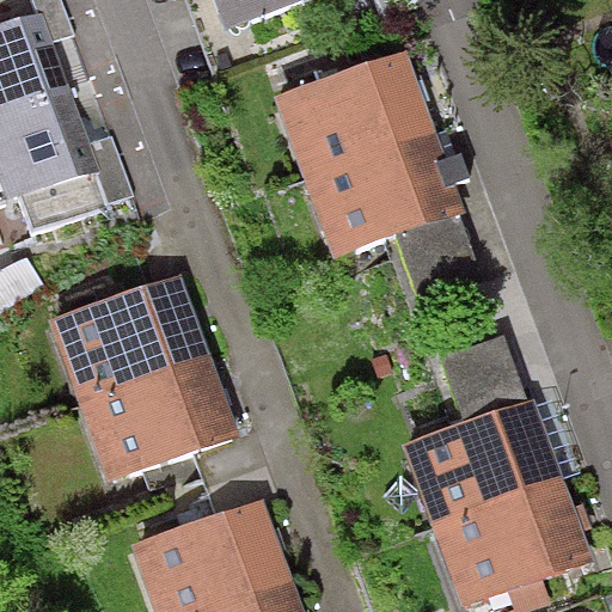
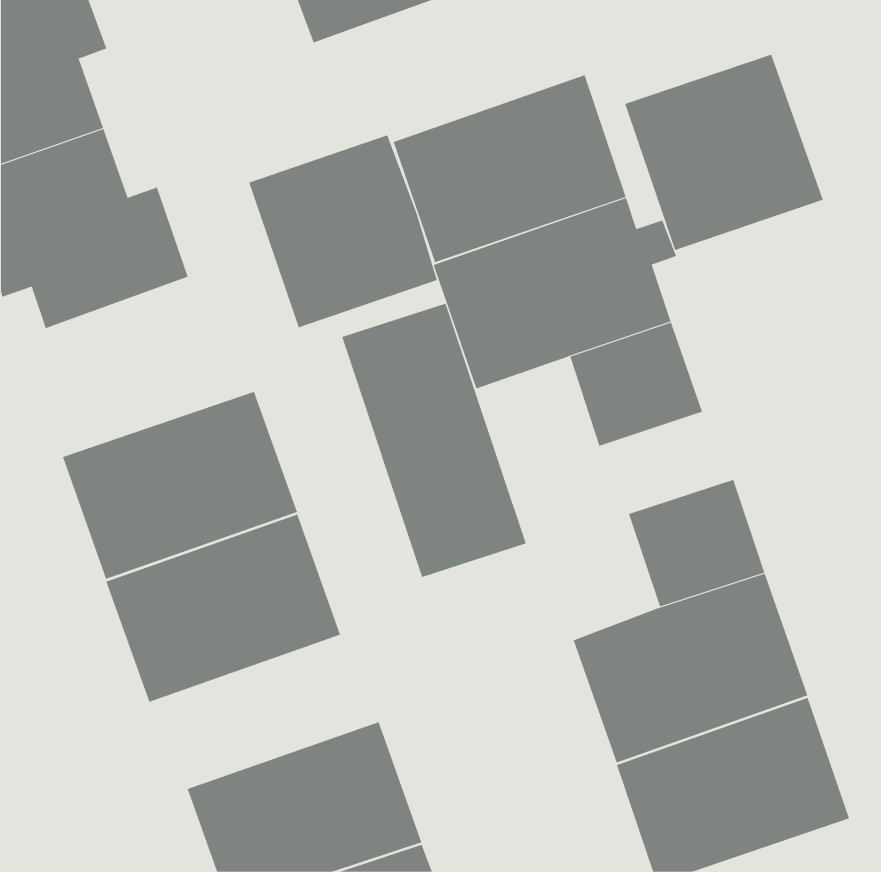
building: none -> [624,54,824,251]
building: none -> [248,135,437,328]
building: none -> [341,303,526,578]

